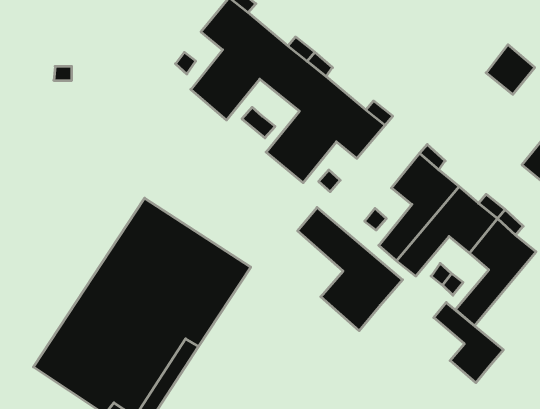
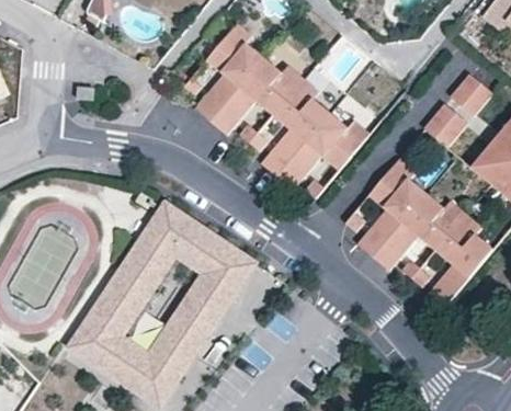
building: none -> [422,102,465,146]
building: [298,207,403,331] -> none
building: [434,302,503,383] -> none

